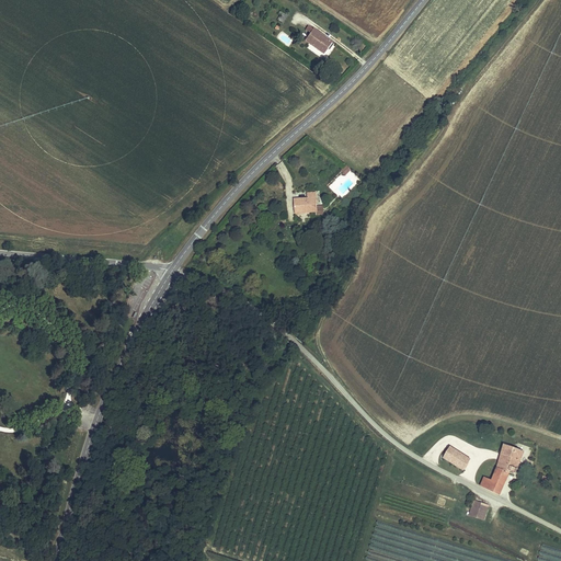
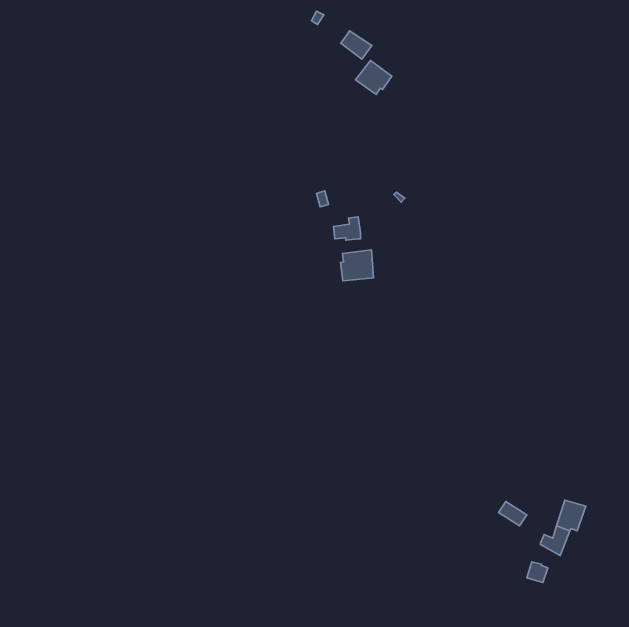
building: none -> [355,60,392,94]
building: none -> [341,250,373,281]

